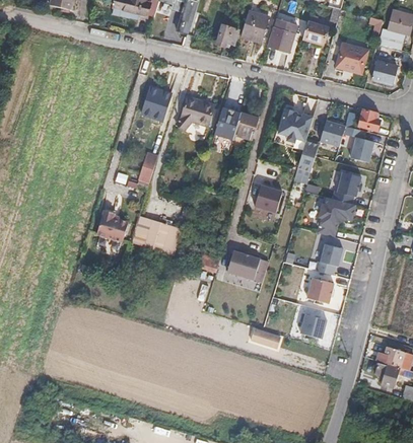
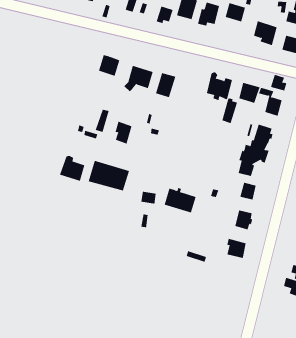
building: [230,112,259,147] -> none
building: none -> [115,121,132,144]
building: [254,183,282,212] -> none

